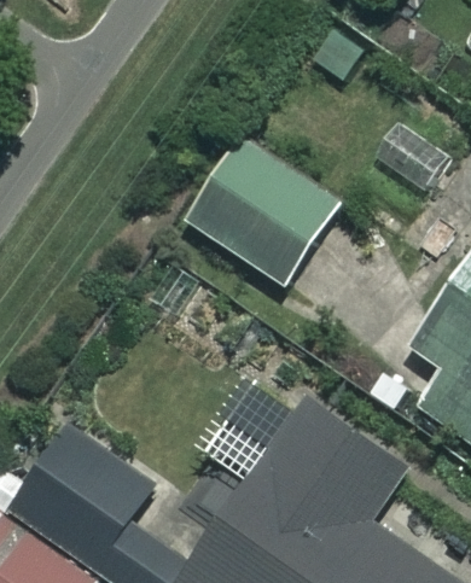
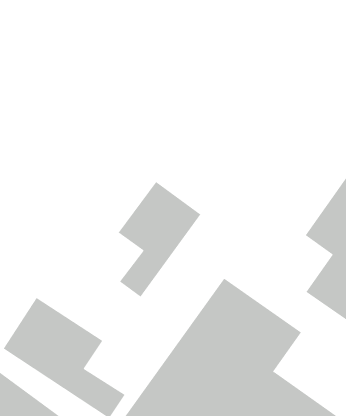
building: [188,133,338,278] -> none
building: none -> [118,181,201,297]

